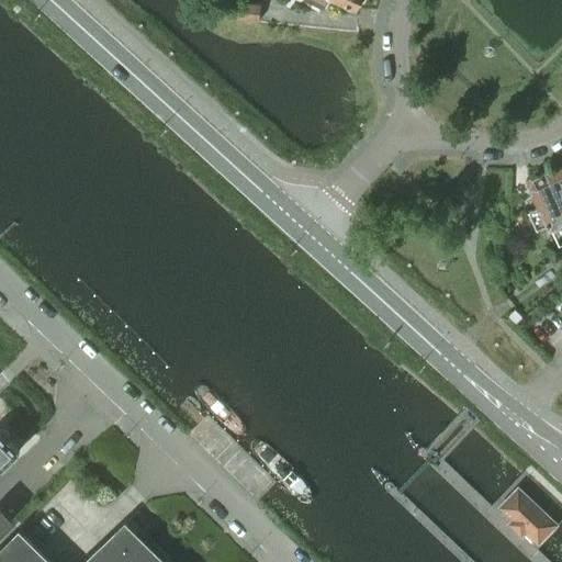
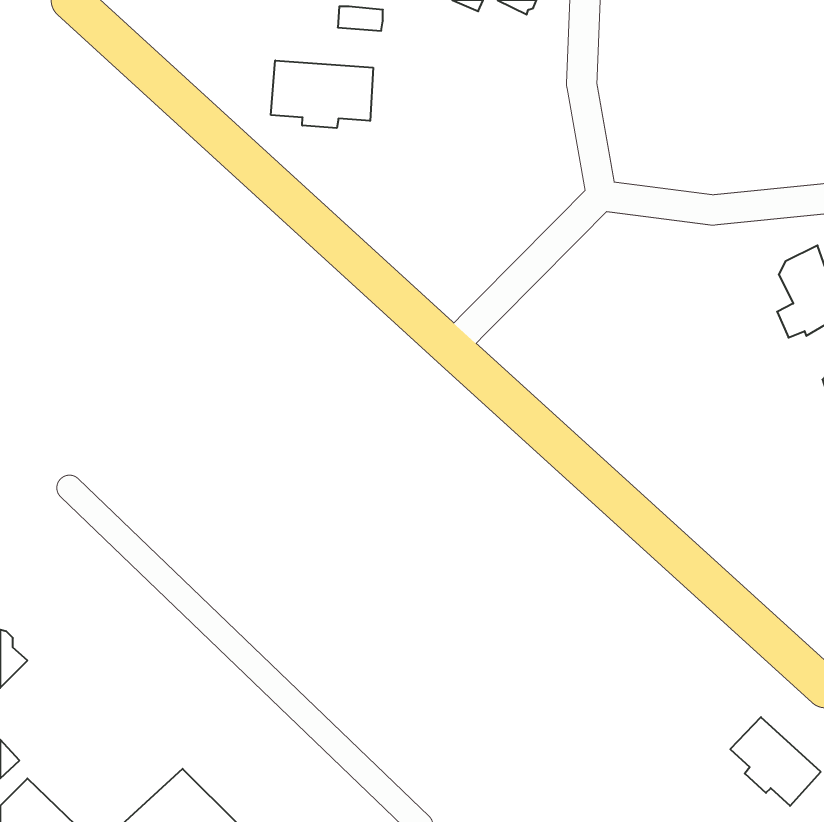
building: none -> [271,60,373,128]

